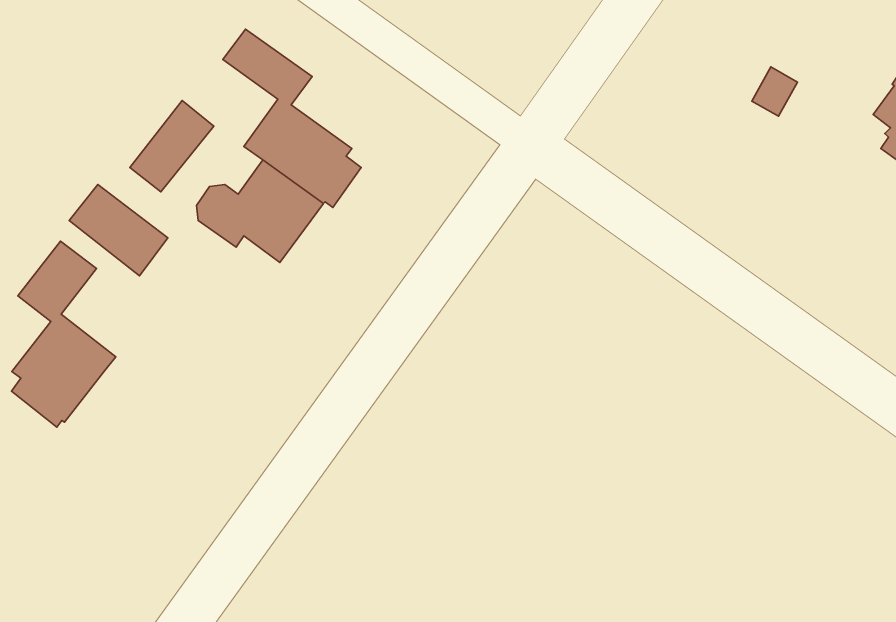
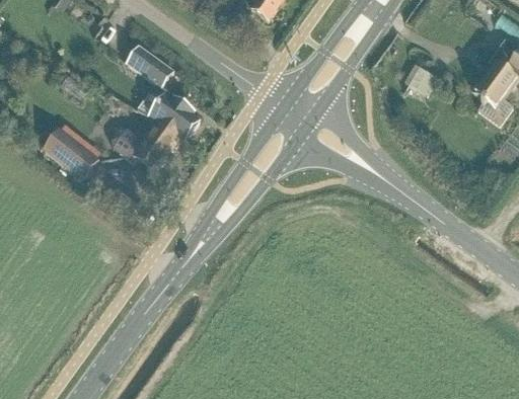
building: [130,100,214,192] -> none
building: [11,241,116,427] -> none

